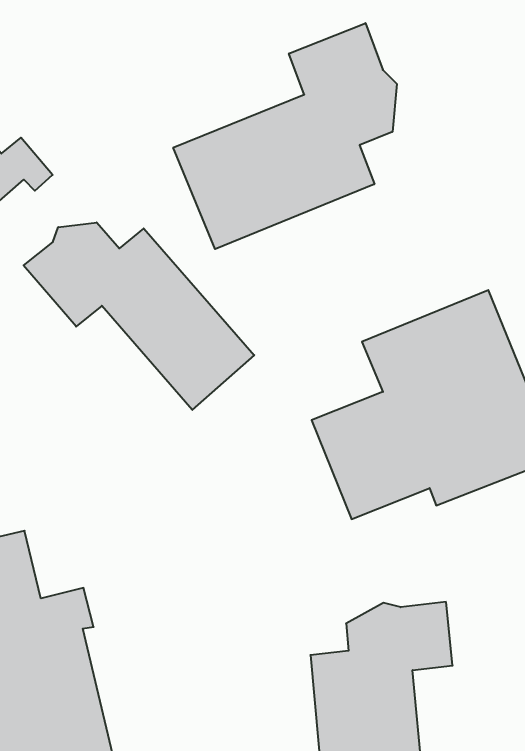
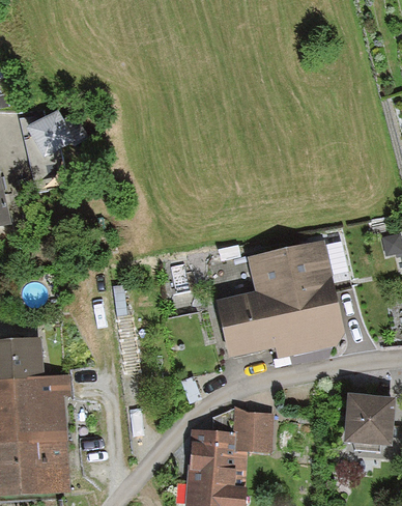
building: [173,23,397,249] -> none
building: [24,222,254,410] -> none

